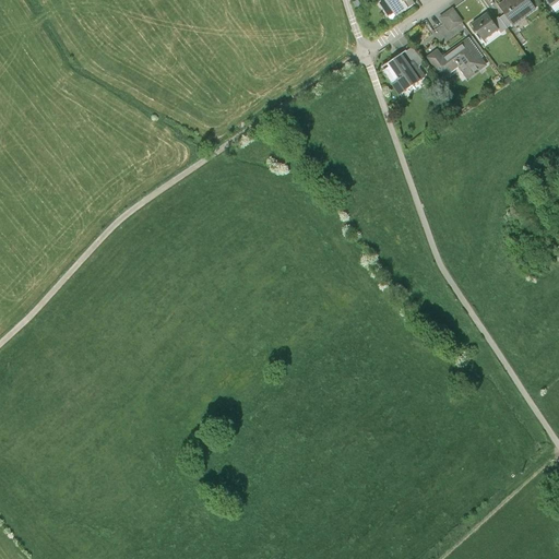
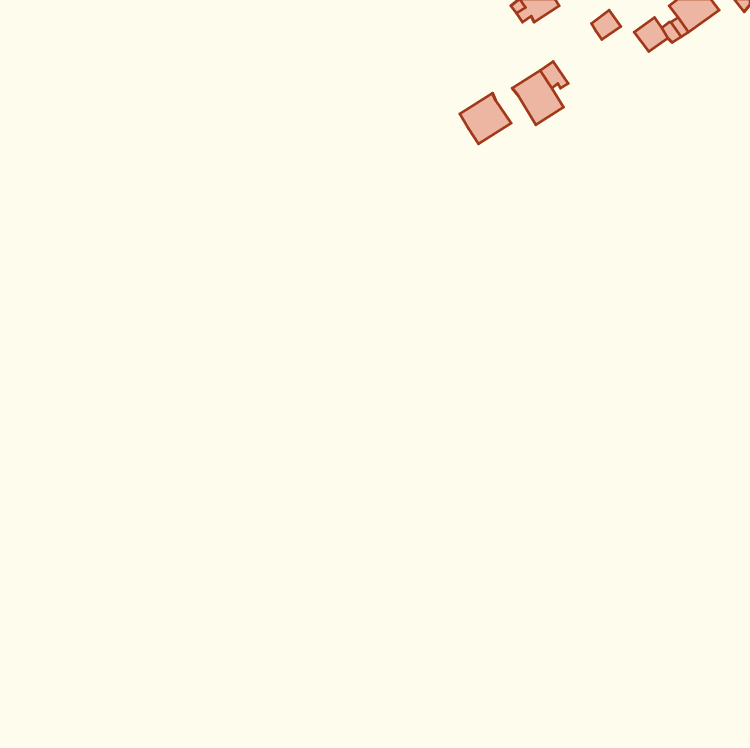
building: [427,38,486,78] -> none
building: none -> [460,93,511,144]

